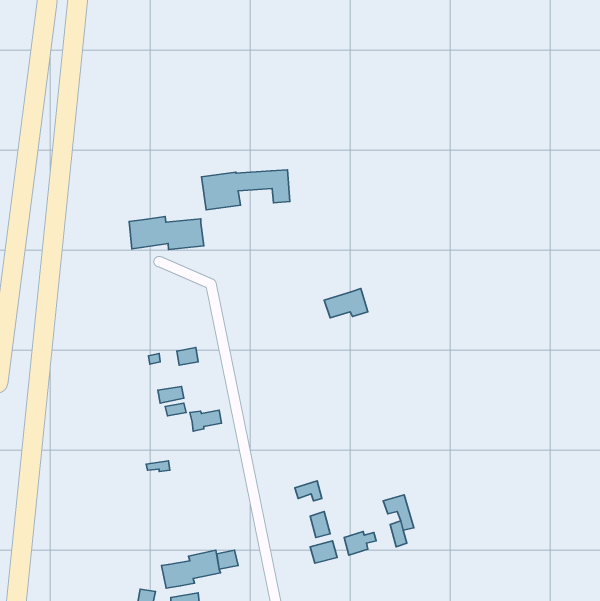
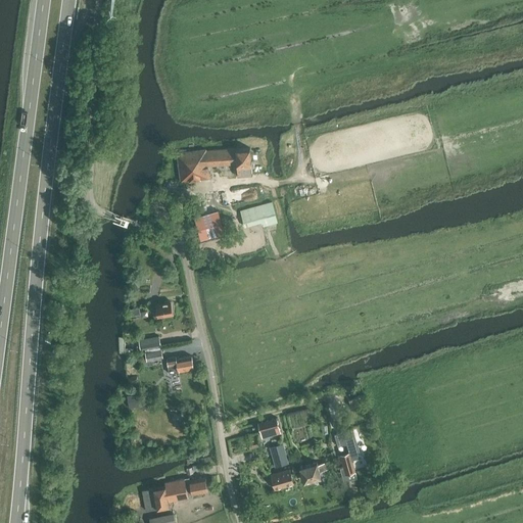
building: [129,216,204,249] -> none
building: none -> [197,213,229,243]
building: [324,288,368,318] -> [238,202,276,228]

